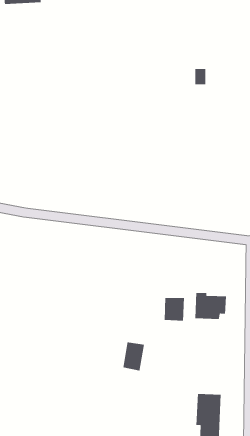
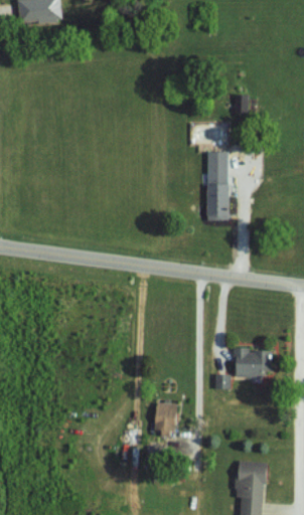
building: none -> [206,151,230,220]
building: [164,297,185,321] -> none

